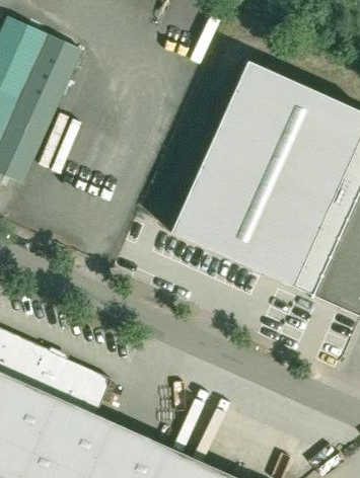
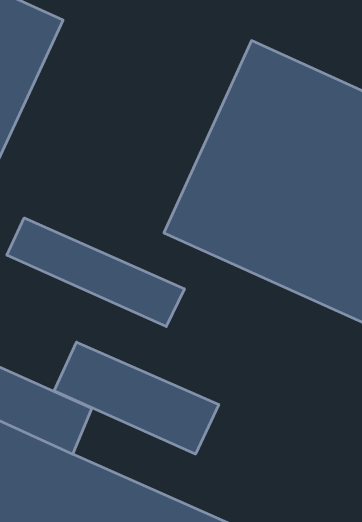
building: none -> [7,218,184,327]
building: none -> [54,342,219,454]

